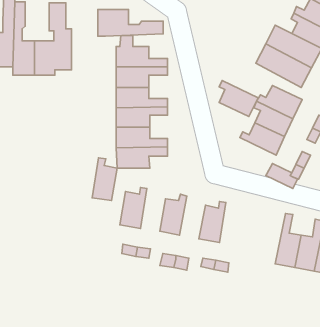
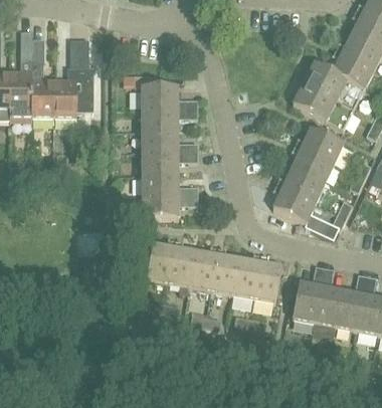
building: [98,10,163,36] -> none
building: [219,80,258,117] -> [272,185,315,224]
building: [92,158,117,201] -> [168,240,195,286]
building: none -> [210,248,238,294]
building: none -> [253,255,281,301]
building: none -> [292,265,325,322]

